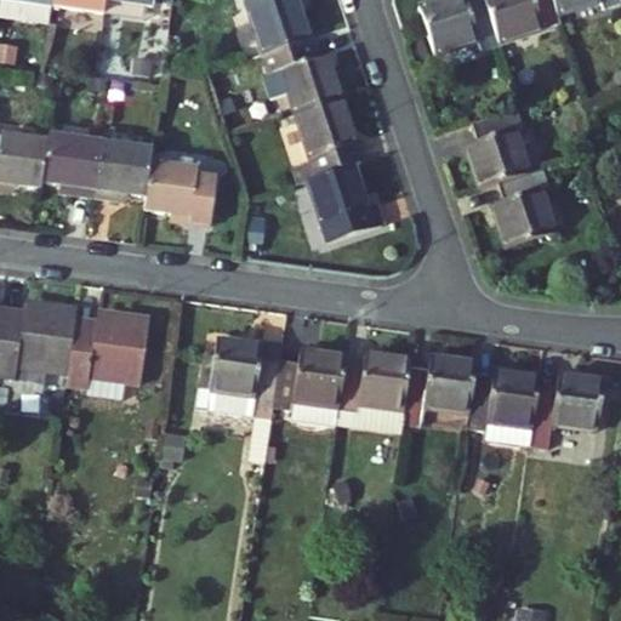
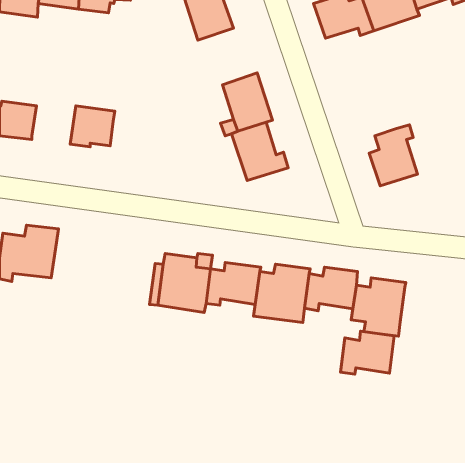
building: [263,36,342,113] -> none
building: [465,106,528,188] -> none
building: [42,135,101,192] -> none
building: [144,161,217,222] -> none
building: [67,310,149,395] -> none
building: [532,374,604,431] -> [340,331,394,374]

